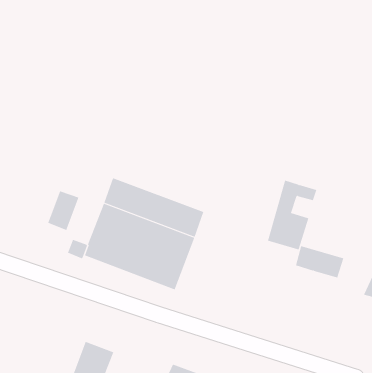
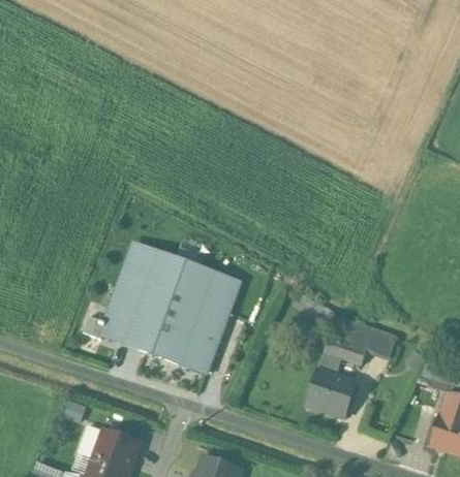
building: [267,180,317,250] -> [306,339,363,418]
building: [48,190,79,231] -> none

